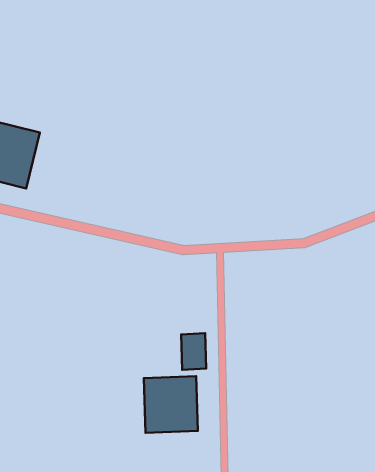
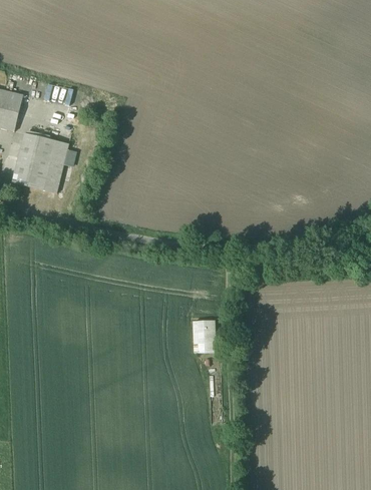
building: [144,376,198,433] -> none

